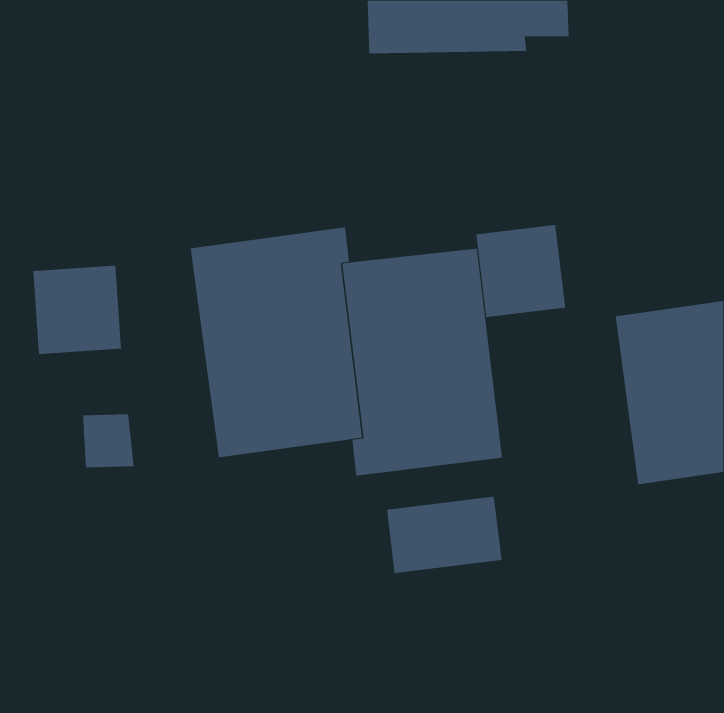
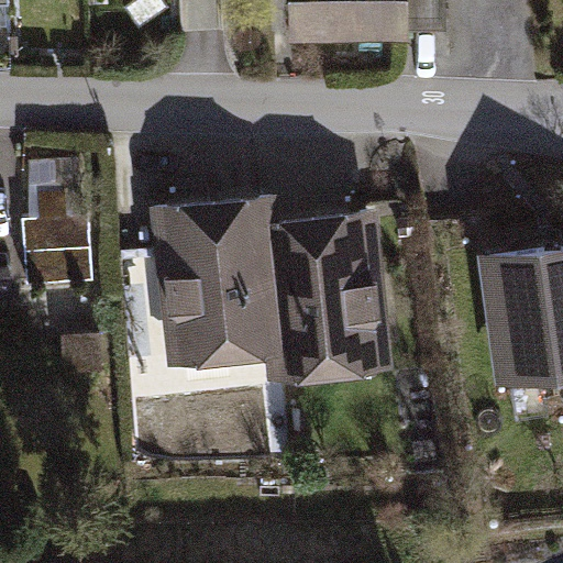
building: [476,224,566,318] -> none
building: [386,496,502,574] -> none

